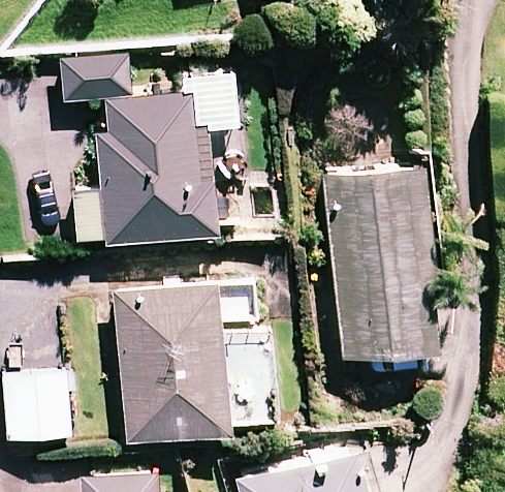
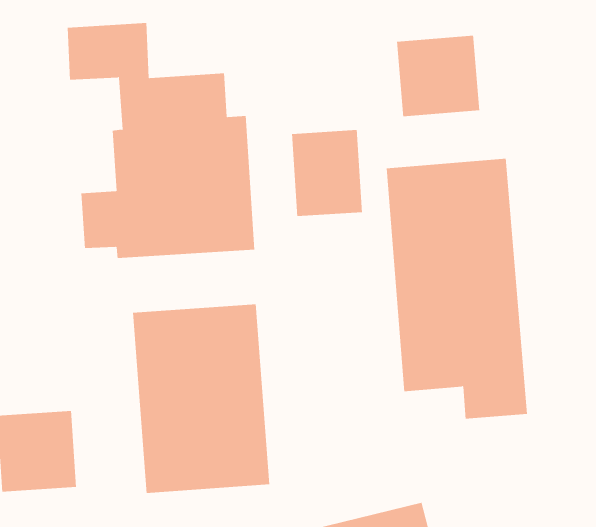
building: none -> [397,35,480,117]
building: none -> [291,129,363,217]

